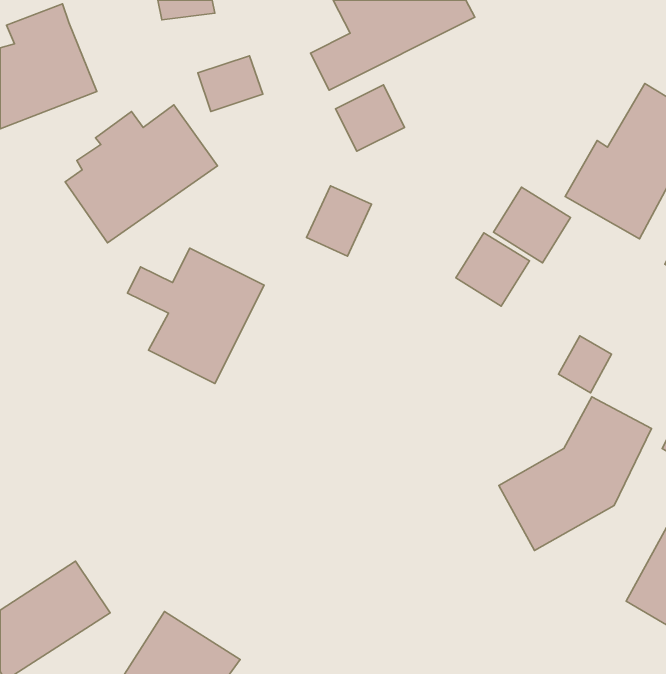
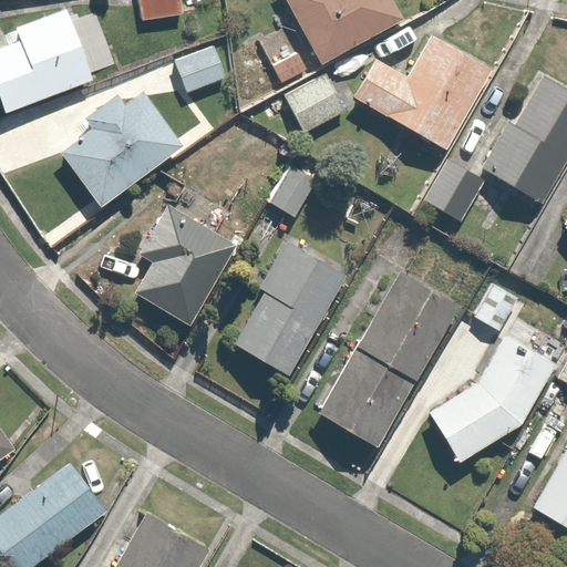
building: none -> [352,28,493,150]
building: [456,233,529,306] -> none
building: none -> [229,238,347,372]
building: none -> [316,268,462,449]

